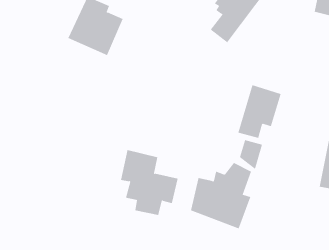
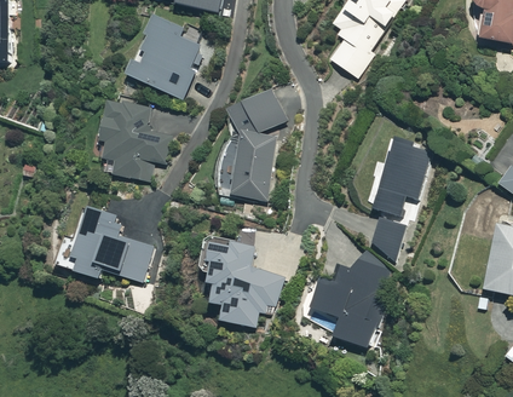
building: none -> [225,79,296,201]
building: none -> [99,98,172,183]
building: none -> [71,200,157,289]

